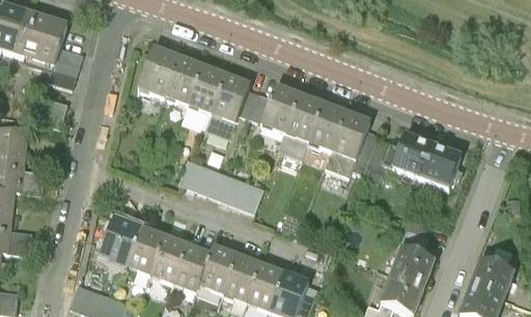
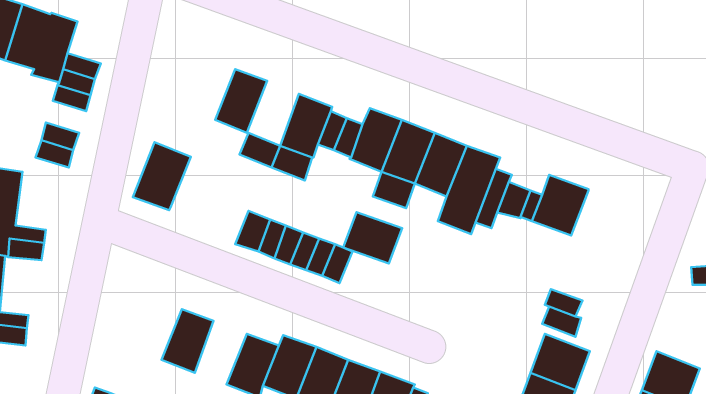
building: [138,47,179,95] -> [133,142,191,210]
building: [188,65,225,112] -> none
building: [420,144,460,186] -> none
building: none -> [343,212,402,263]
building: [101,219,141,267] -> none
building: [150,237,188,283] -> none

